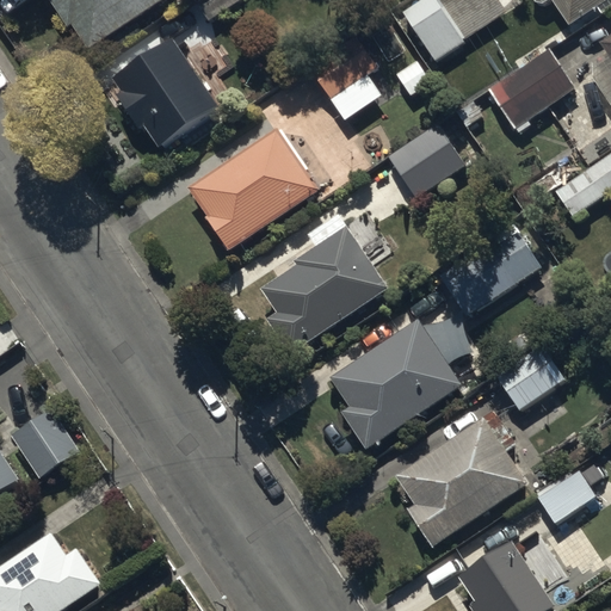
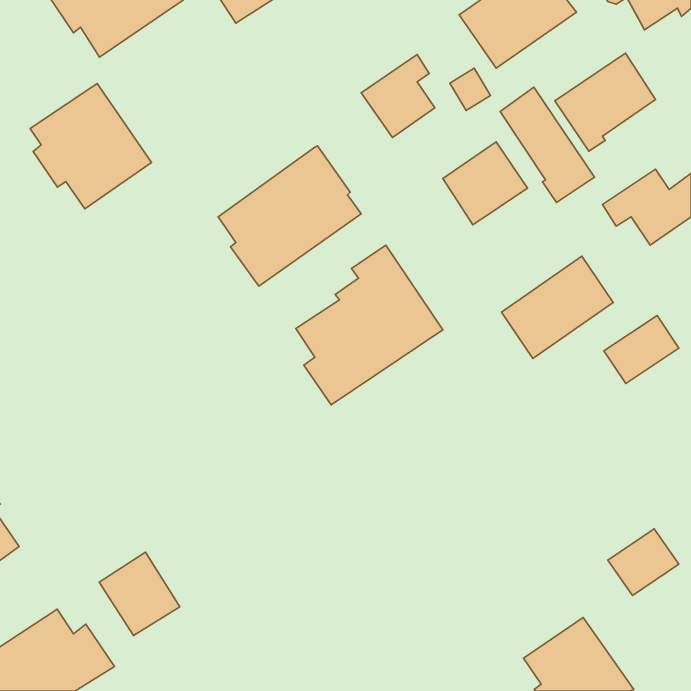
building: [112,39,218,149] -> [30,83,152,209]
building: none -> [500,87,595,202]
building: [331,317,461,449] -> none
building: [499,351,564,411] -> [604,316,679,384]
building: [11,409,81,482] -> [99,552,180,635]
building: [396,411,527,548] -> none

